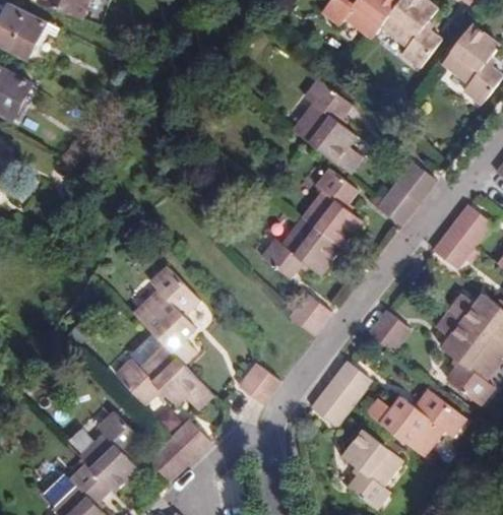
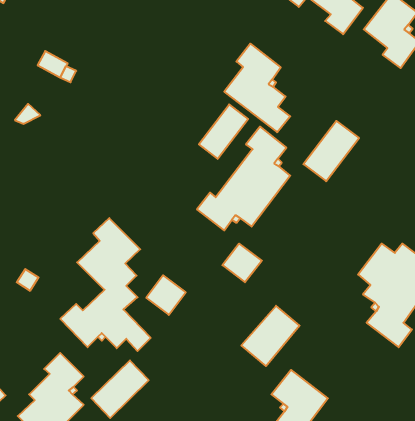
building: none -> [199,104,248,159]
building: [431,204,491,269] -> none
building: [367,310,407,351] -> none
building: [238,363,280,405] -> [146,275,186,315]
building: [366,389,465,457] -> none

